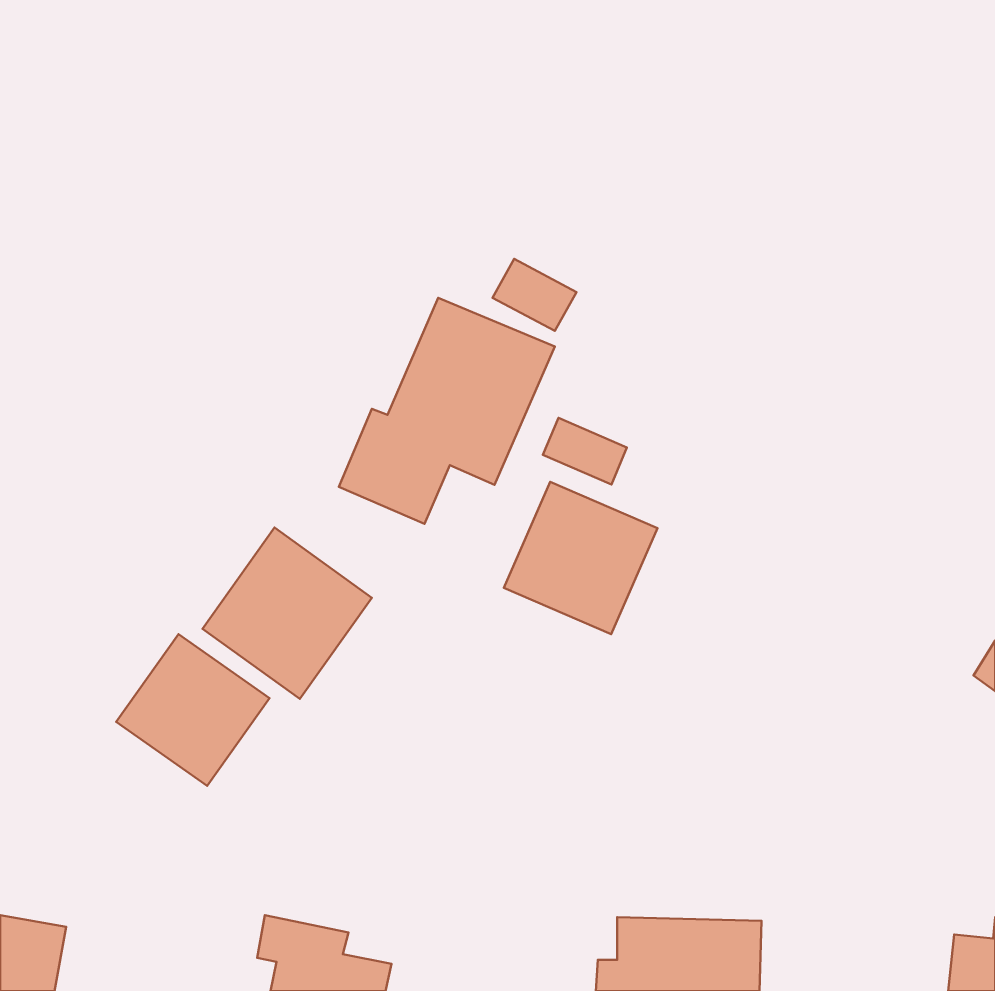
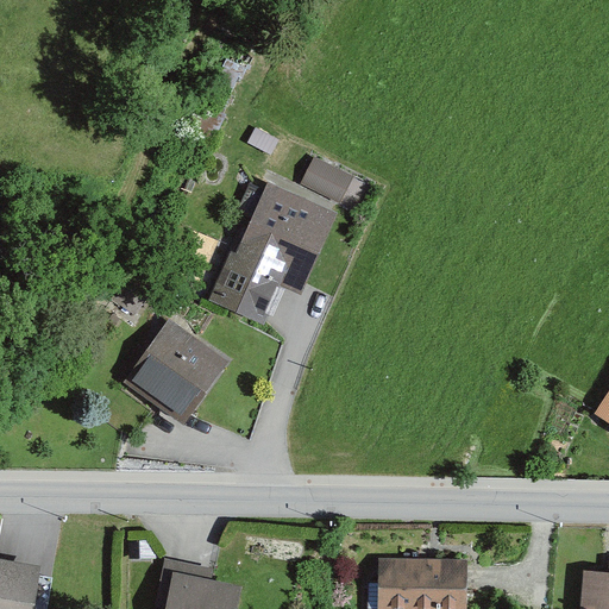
building: [543,418,627,485] -> none
building: [504,482,657,634] -> none
building: [116,634,270,786] -> none

